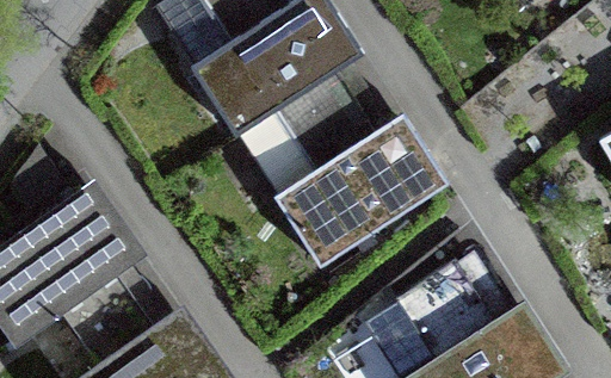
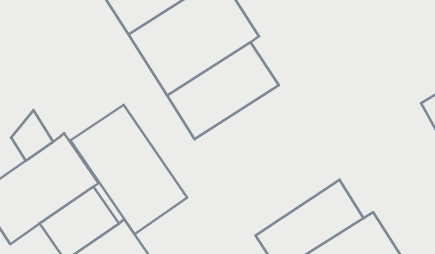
building: [274,118,449,272] -> none
building: none -> [71,105,187,234]

